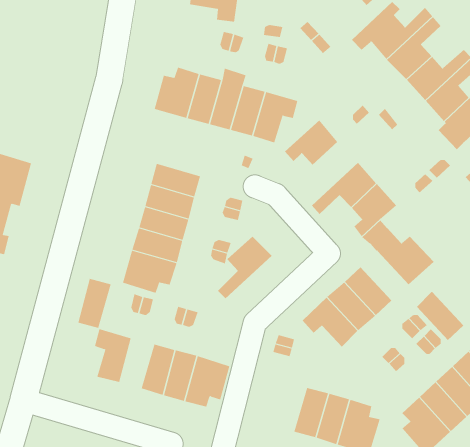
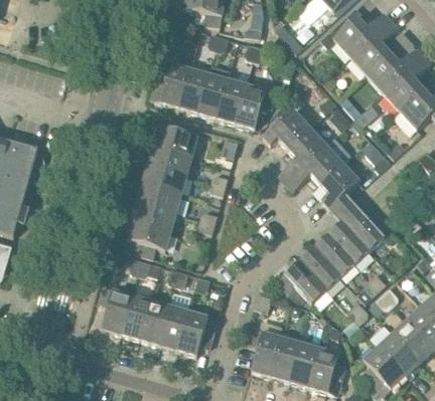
building: none -> [153,120,200,157]
building: [217,236,272,299] -> [279,128,326,182]
building: [78,278,112,329] -> [122,295,151,339]
building: [416,291,464,341] -> [328,221,370,263]
building: none -> [249,330,282,376]

